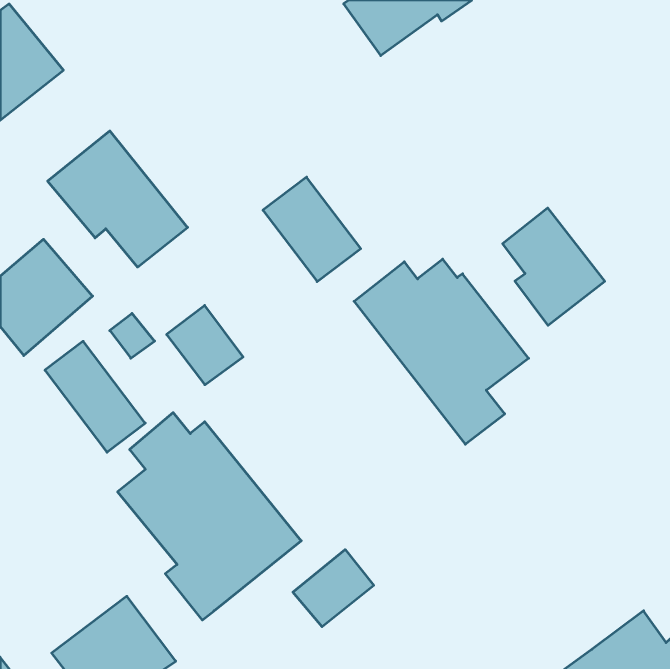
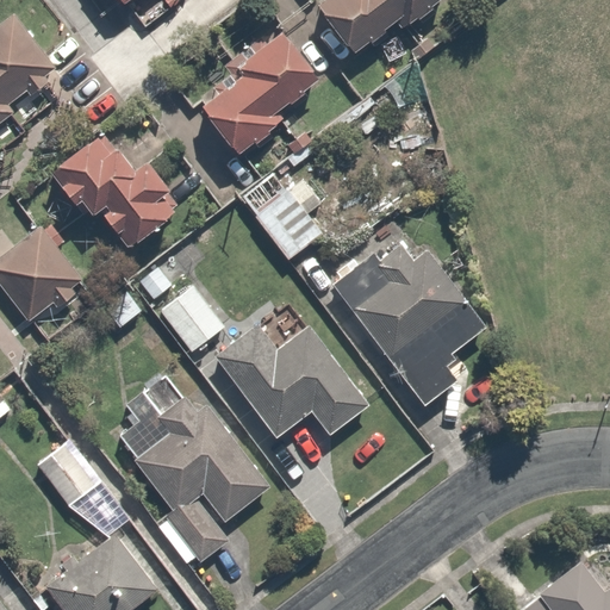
building: none -> [198,19,319,154]
building: [503,208,605,325] -> none
building: [45,341,145,452] -> [39,450,130,550]
building: none -> [216,325,367,438]
building: [293,550,374,627] -> none

